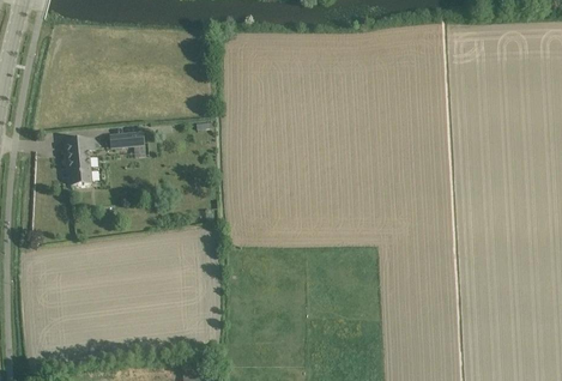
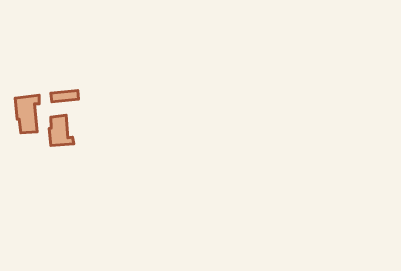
building: none -> [49,115,74,146]

